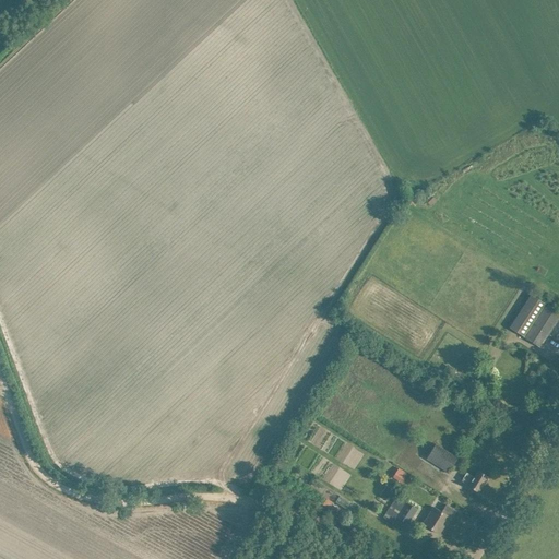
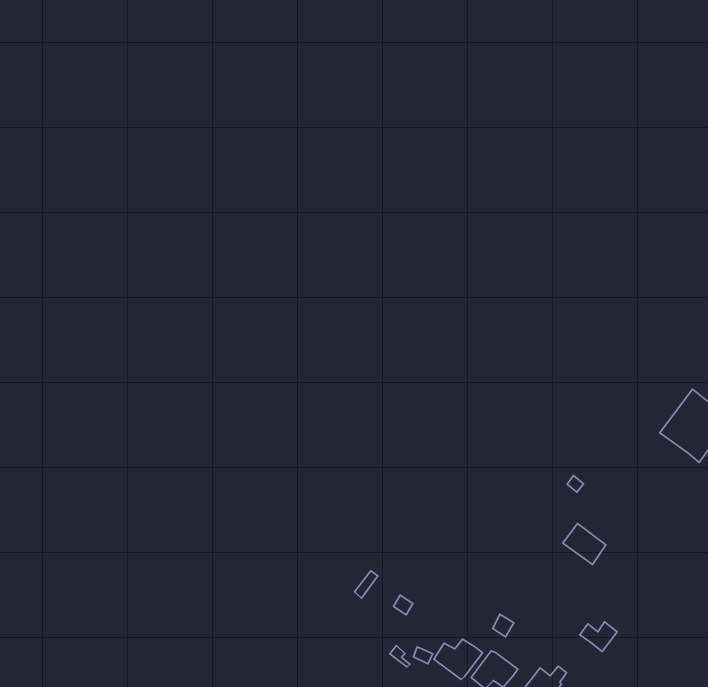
building: [426,443,457,473] -> [563,523,606,565]
building: none -> [434,639,483,679]

